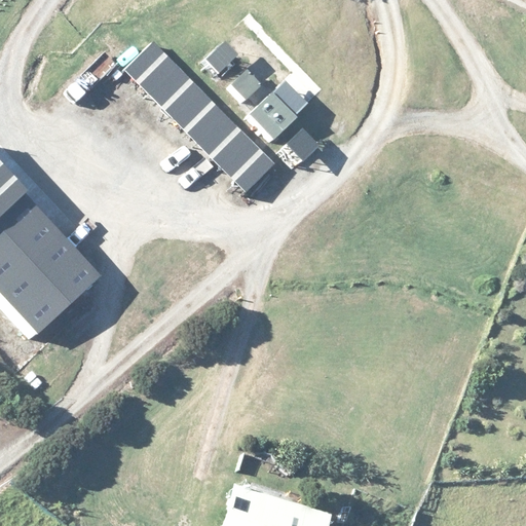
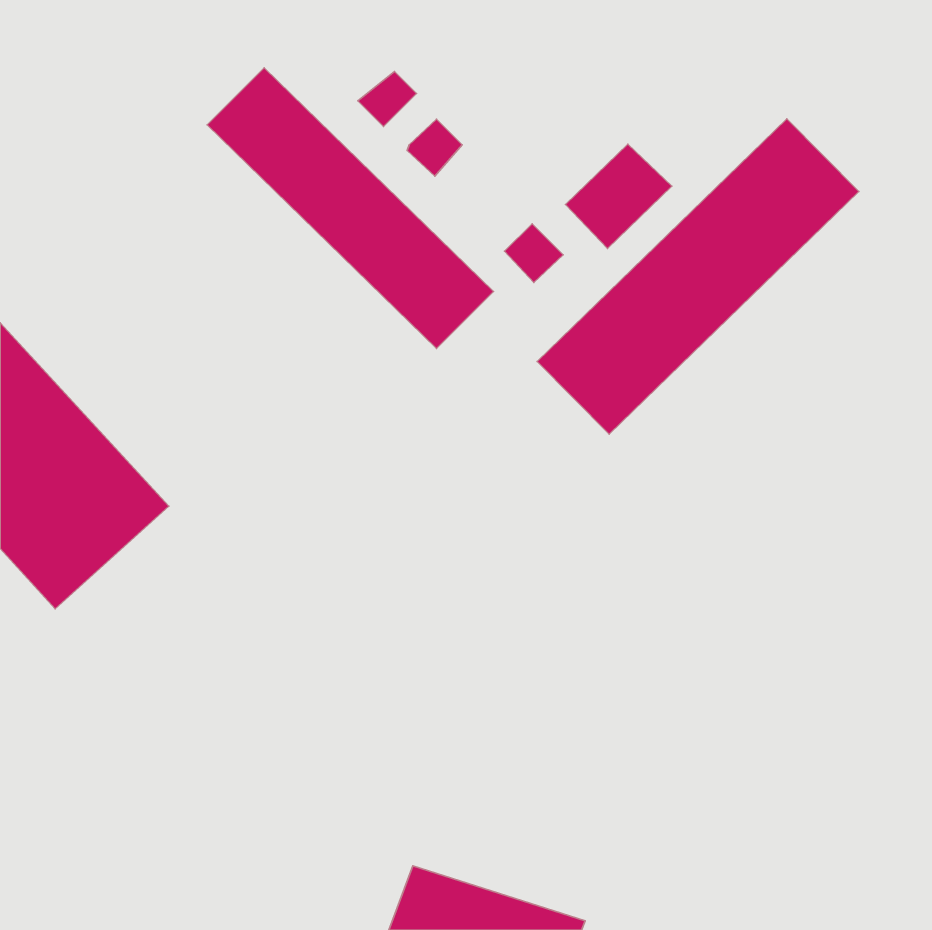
building: none -> [537,119,859,434]
building: [251,77,310,136] -> [565,144,672,249]

